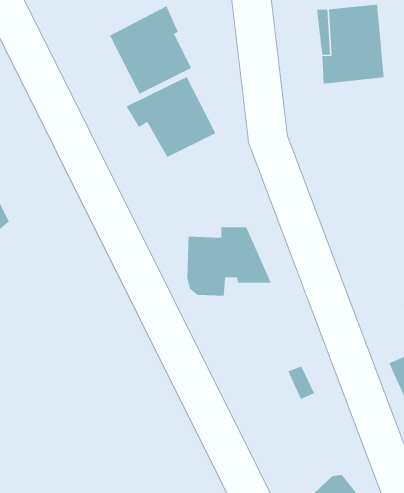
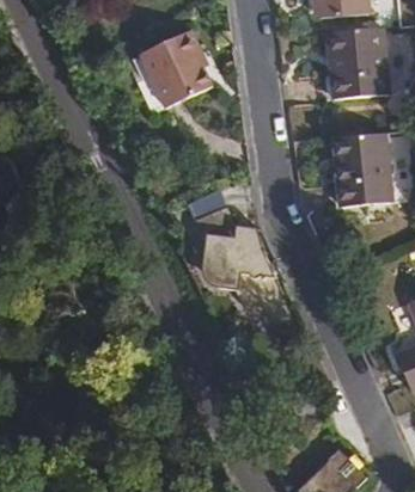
building: [126,76,216,158] -> none
building: none -> [330,134,386,205]

